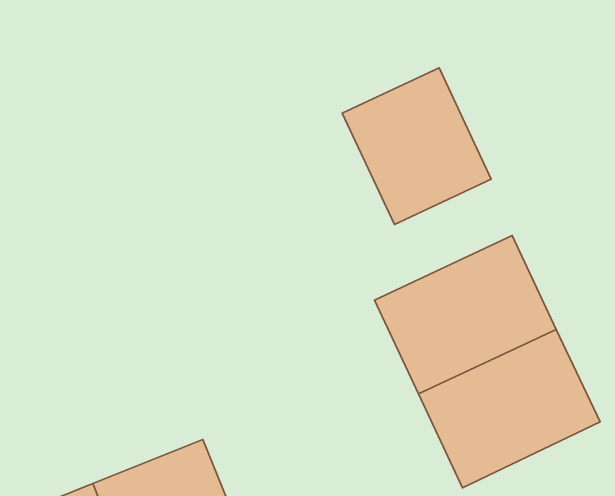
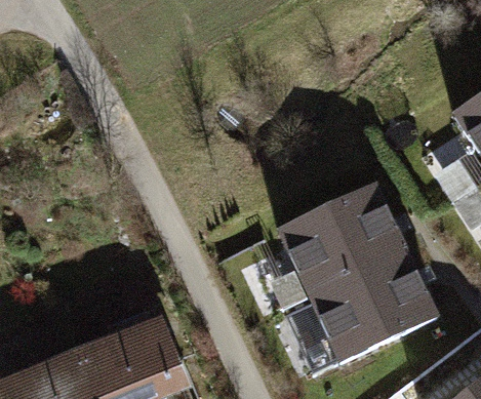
building: [342,68,491,224] -> none

